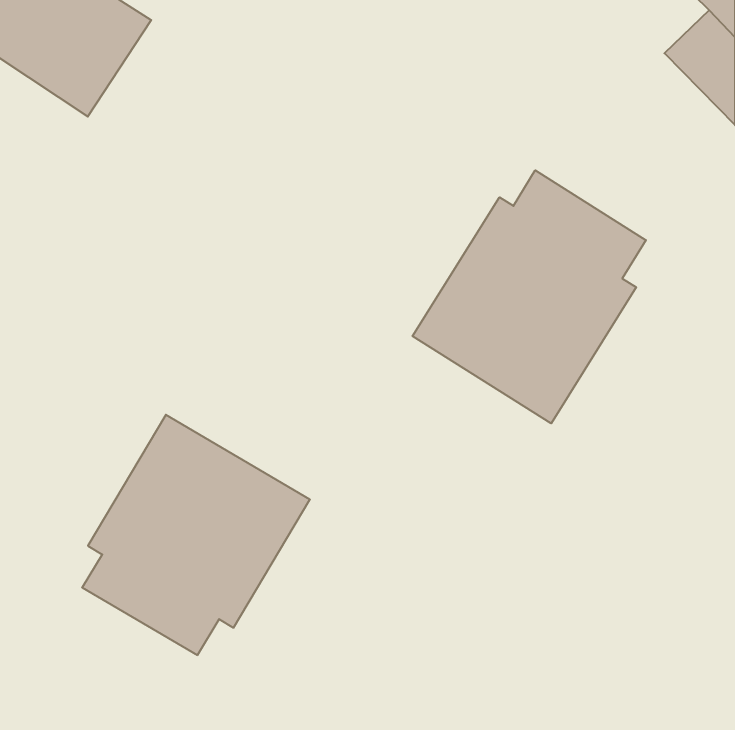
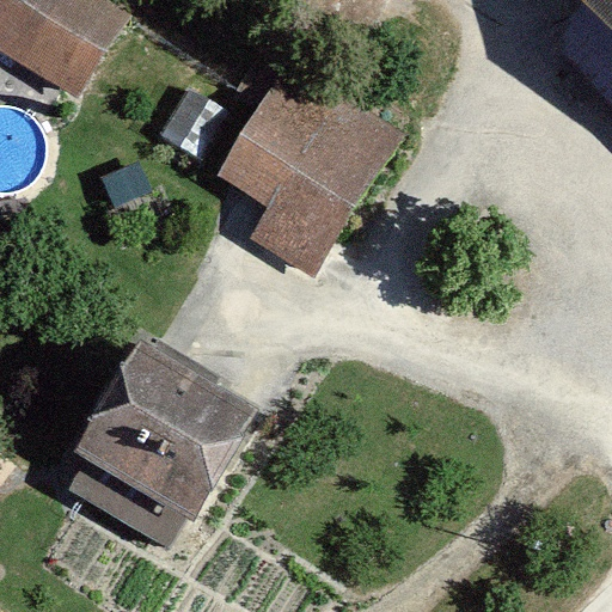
building: none -> [218,50,397,274]
building: [413,170,646,423] -> none

